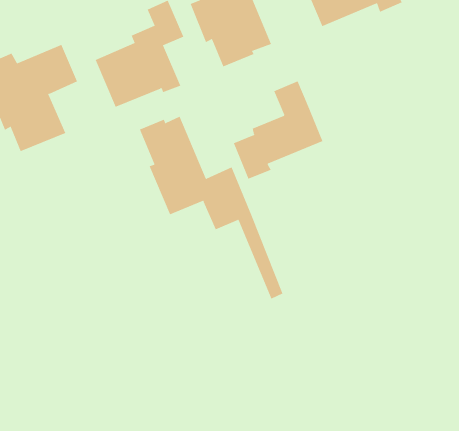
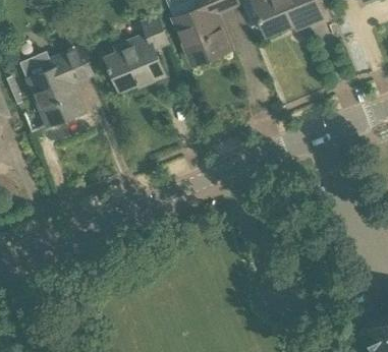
building: [233,81,323,180] -> none
building: [139,116,283,300] -> none

